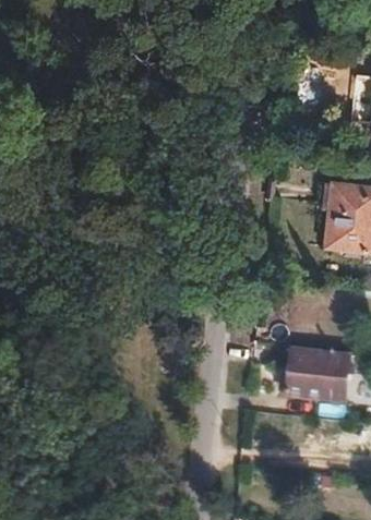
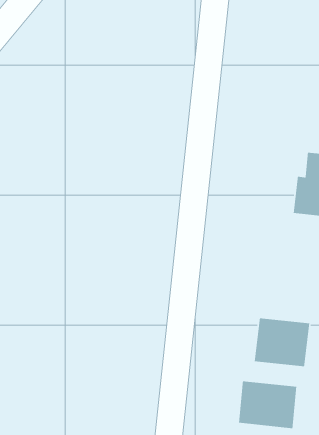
building: none -> [238,380,297,429]

